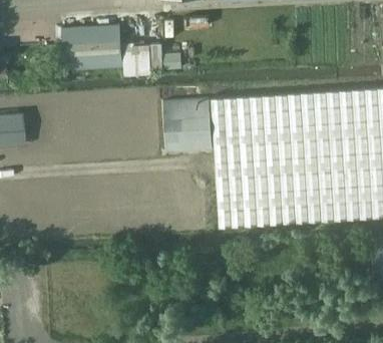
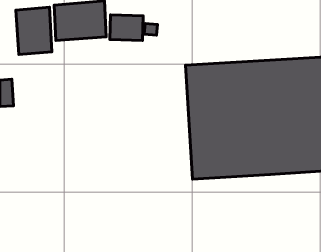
building: none -> [16,7,52,55]
building: [162,99,213,153] -> none

